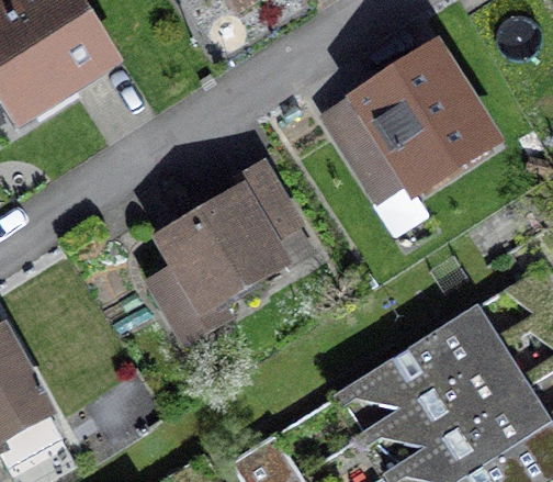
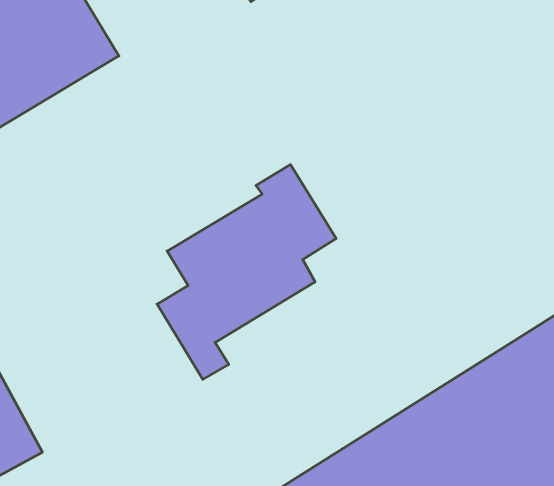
building: [320,44,493,203] -> none

